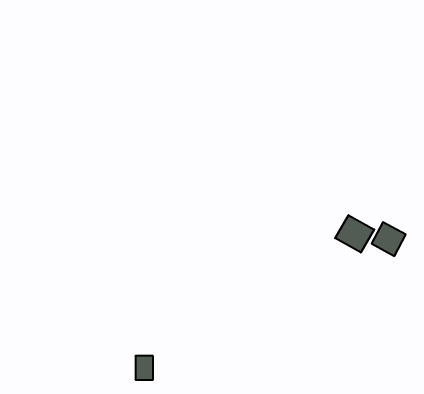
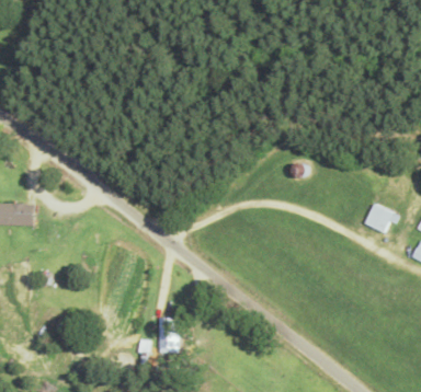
building: [335,215,374,253] -> none

